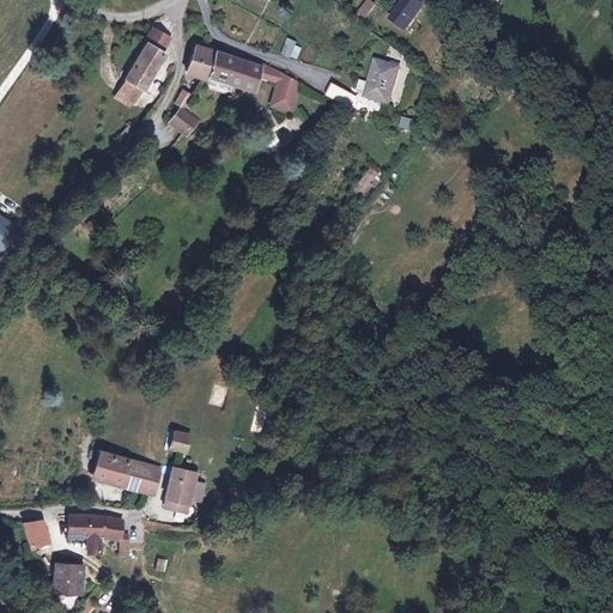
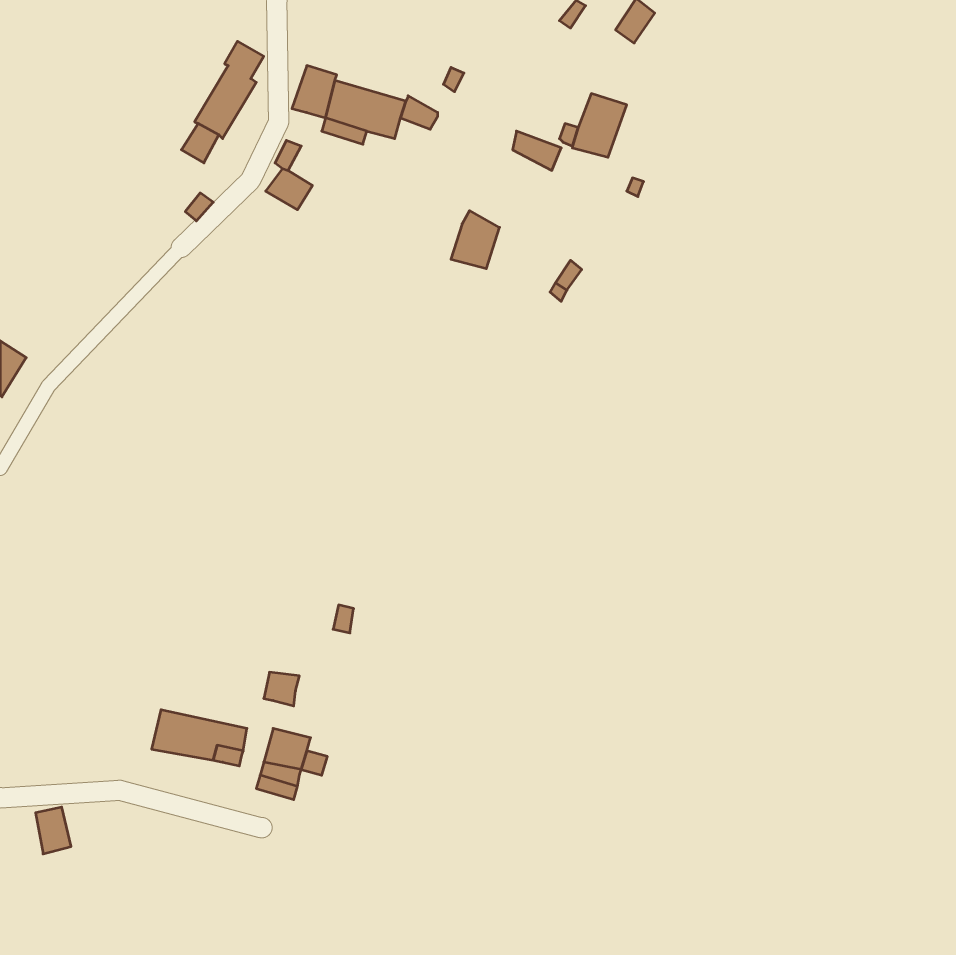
building: [268,74,299,111] -> [451,211,500,269]
building: [66,512,131,552] -> none
building: [54,562,83,591] -> none

